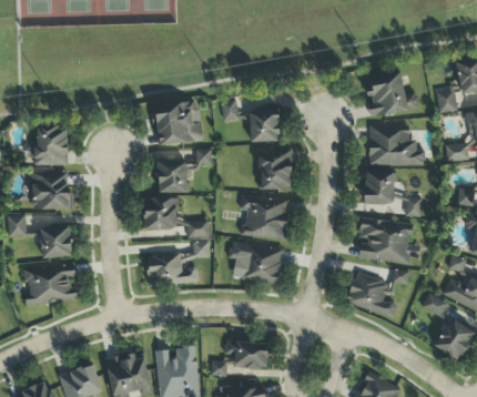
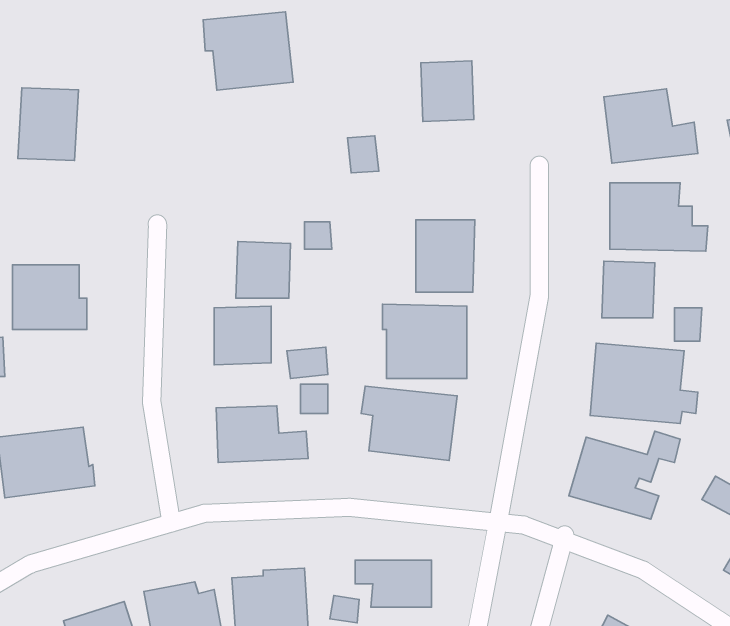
building: [151,100,202,144] -> [203,12,293,90]
building: [250,108,280,142] -> [421,61,474,122]
building: [34,124,69,165] -> [18,88,79,160]
building: [40,224,72,257] -> none

